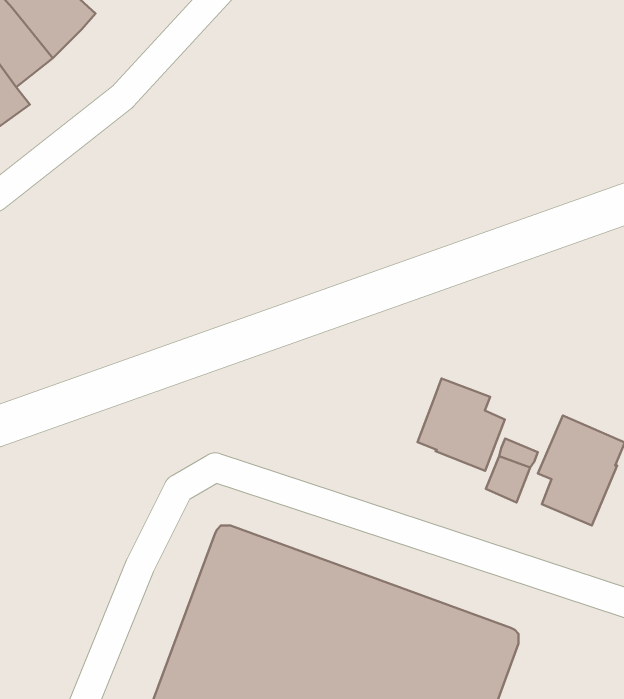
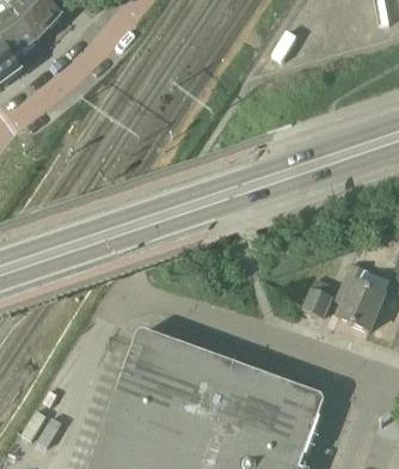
building: [418,379,505,471] -> none

